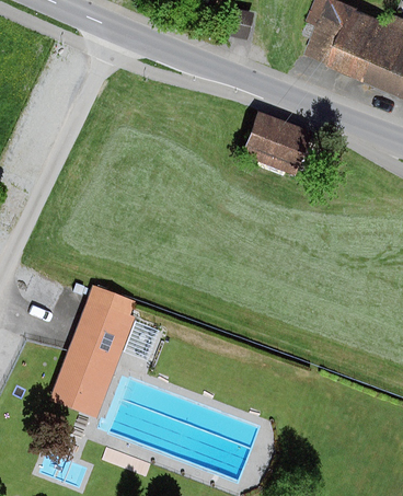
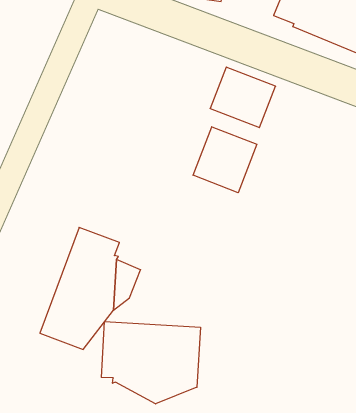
building: none -> [193,127,257,193]
building: none -> [101,321,200,404]

